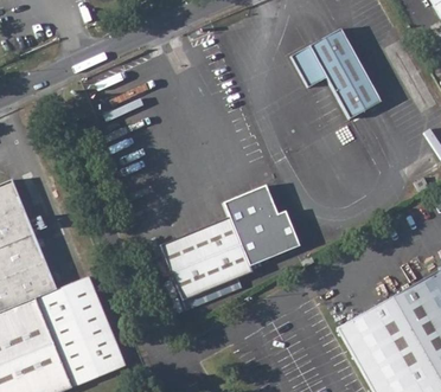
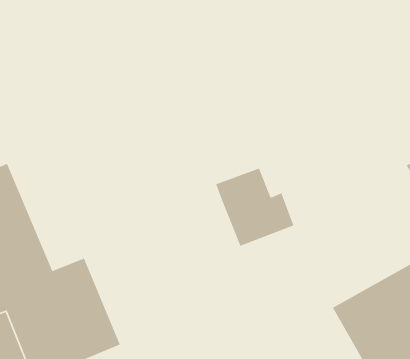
building: [290,30,381,118] -> none
building: [159,218,249,301] -> none

